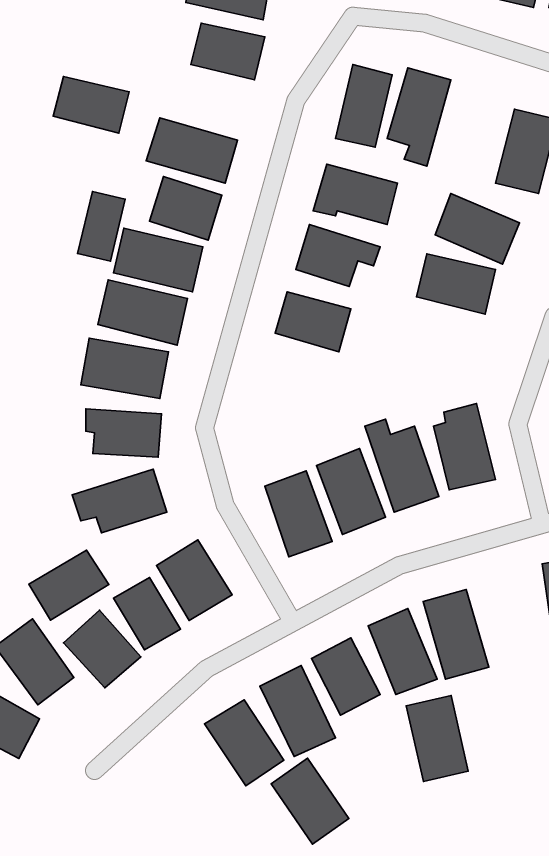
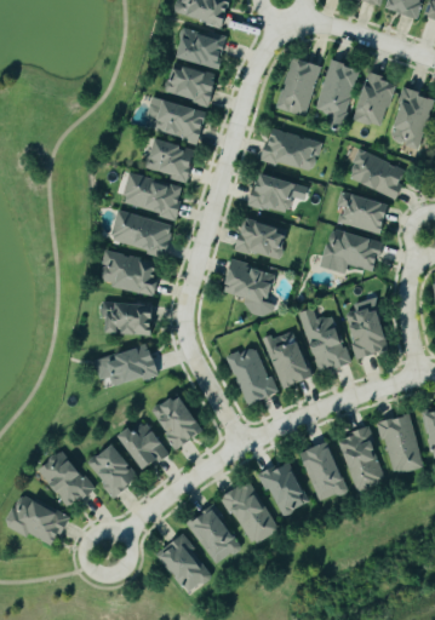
building: [53,76,129,133] -> [164,65,217,105]
building: none -> [353,74,394,128]
building: [78,192,125,261] -> none
building: none -> [320,226,382,272]
building: none -> [223,260,275,316]
building: [29,550,109,620] -> none
building: [406,695,468,782] -> [378,414,422,475]
building: [271,758,349,844] -> [155,534,210,595]

